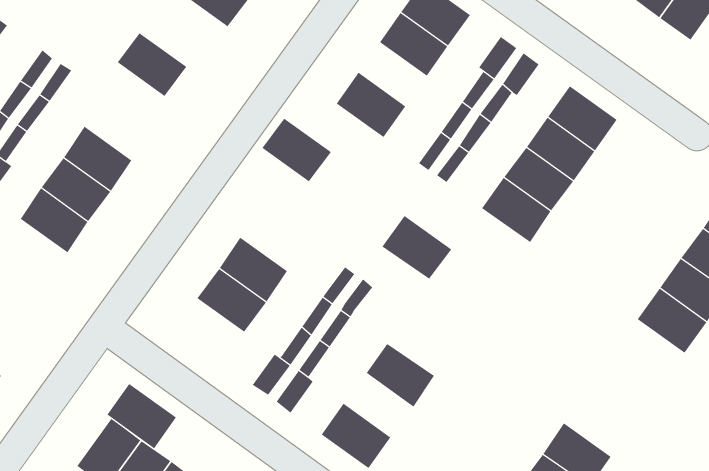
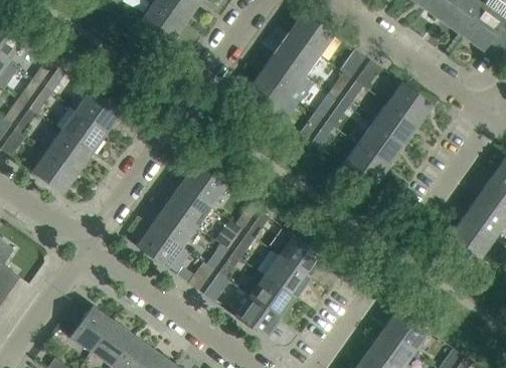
building: [117,32,187,97] -> [75,88,123,132]
building: none -> [260,52,306,96]
building: [261,118,332,182] -> [180,163,227,206]
building: [382,215,452,280] -> [279,233,326,277]
building: none -> [249,274,297,318]
building: [106,383,177,449] -> [136,224,183,268]

